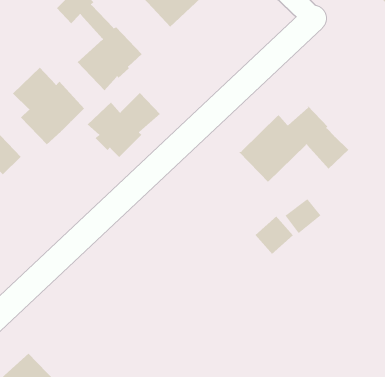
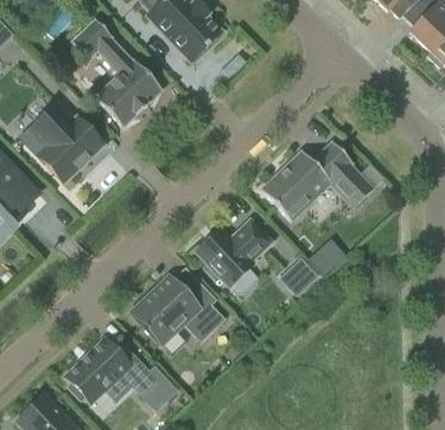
building: [87,92,161,158] -> [196,219,272,287]
building: none -> [131,275,224,345]
building: none -> [65,339,182,407]

